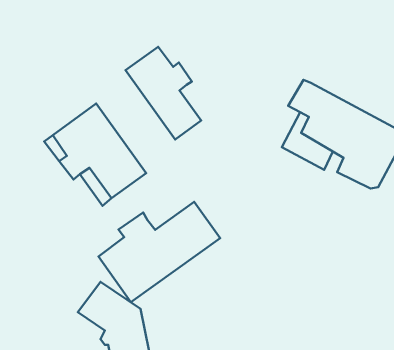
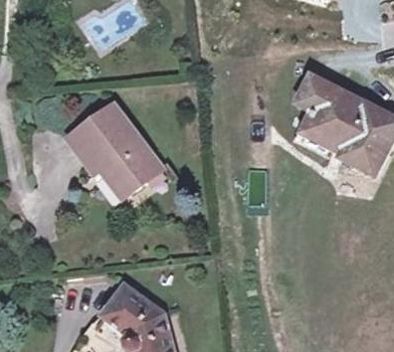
building: [125,47,201,139] -> none
building: [98,202,220,302] -> none

